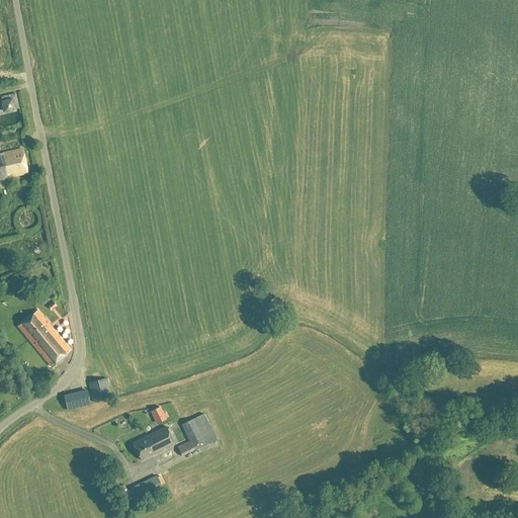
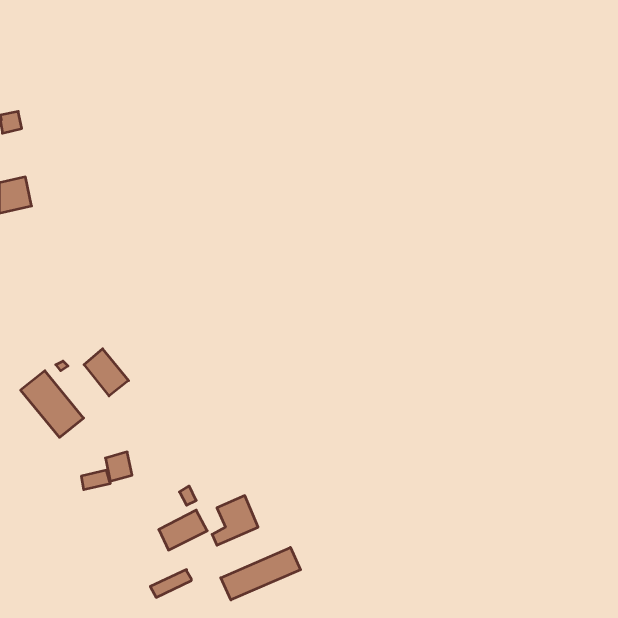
building: none -> [84,349,129,396]
building: none -> [221,547,301,600]

